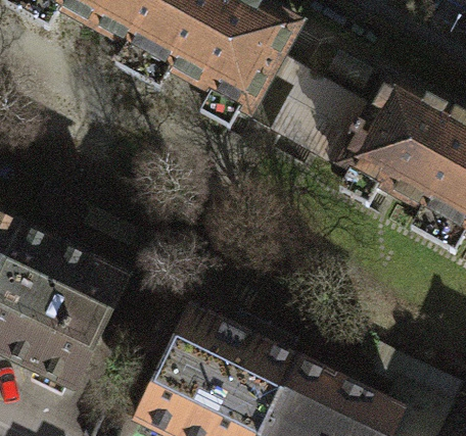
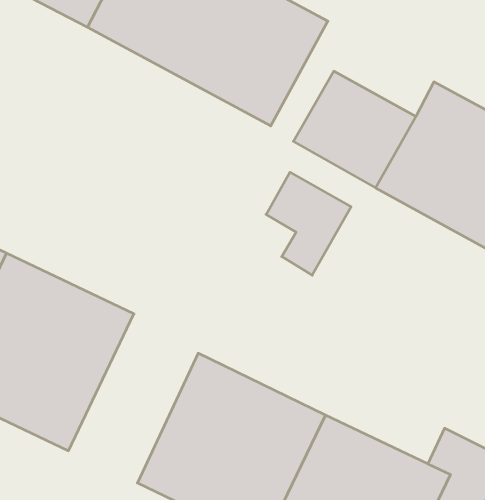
building: none -> [266,172,351,275]

